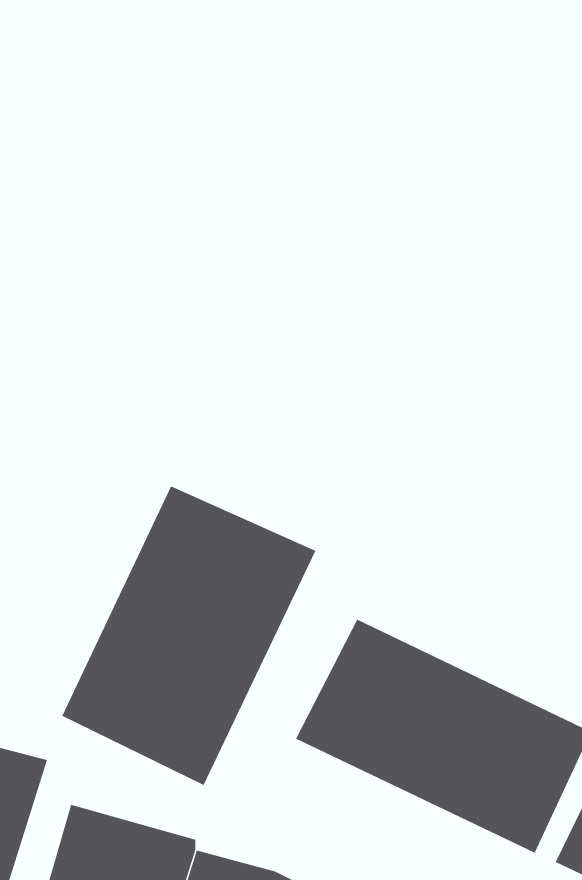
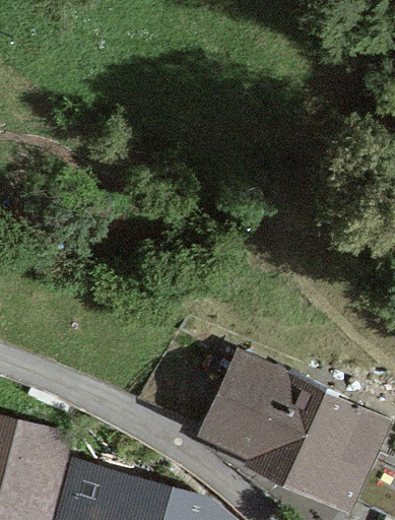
building: [61,486,316,786] -> none

